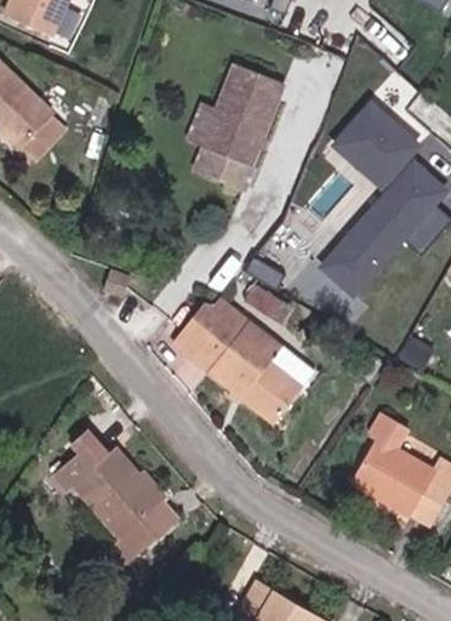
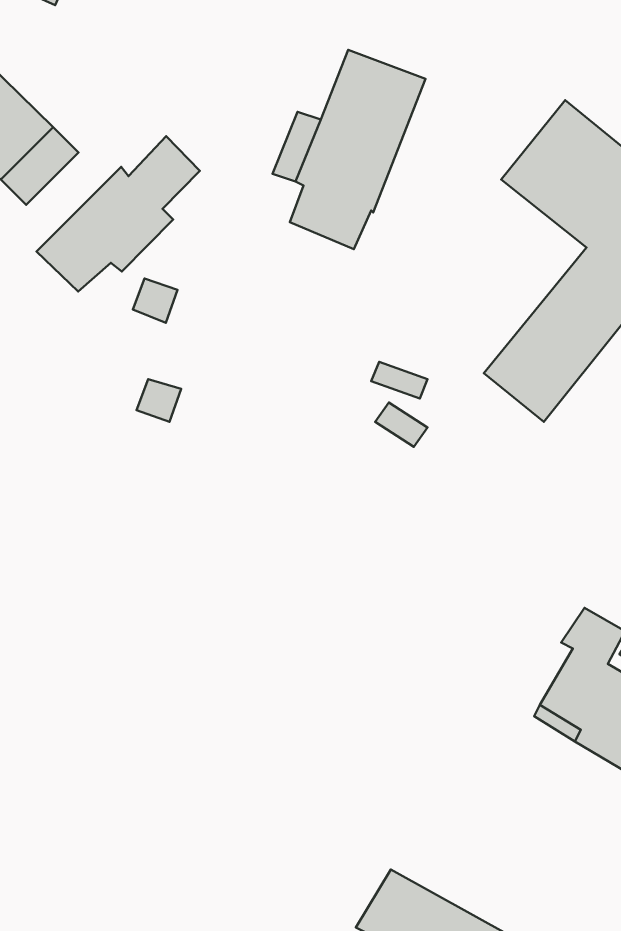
building: none -> [36,136,200,292]
building: [177,297,301,423] -> none
building: [59,427,183,565] -> none

